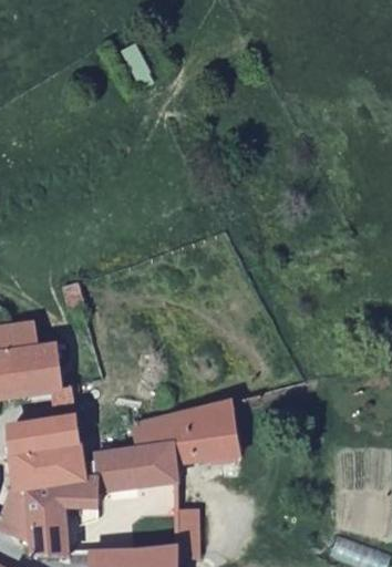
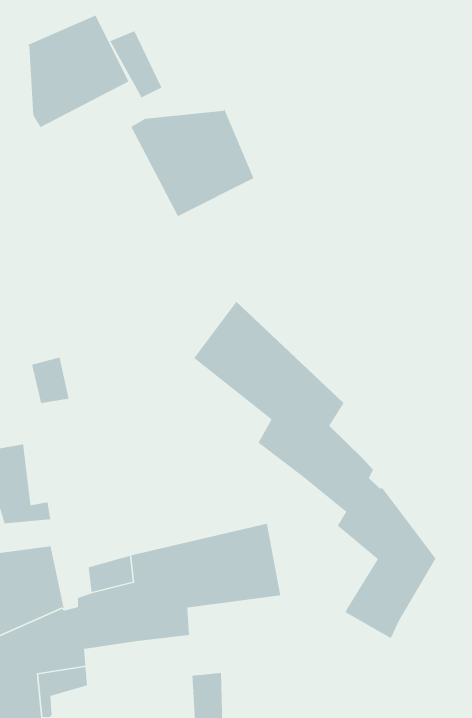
building: none -> [26,15,130,128]
building: none -> [130,107,254,217]
building: none -> [193,301,436,639]

